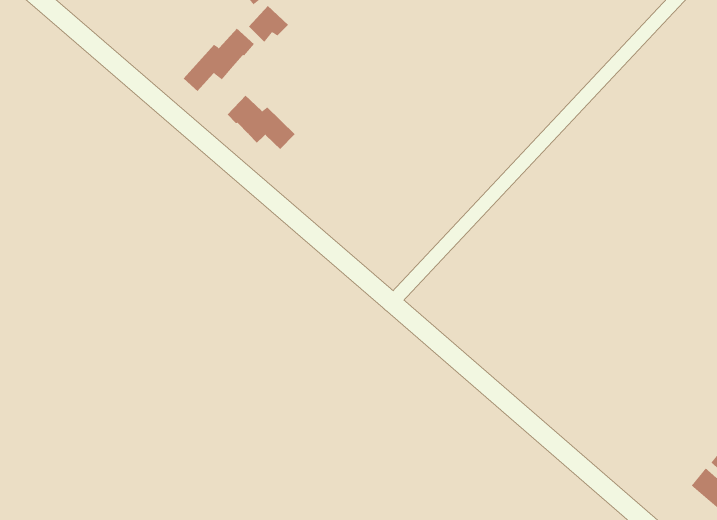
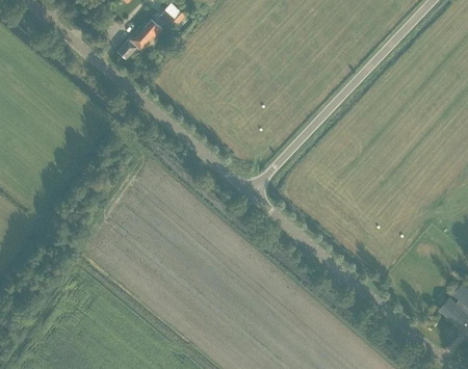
building: [227,95,296,150] -> none

